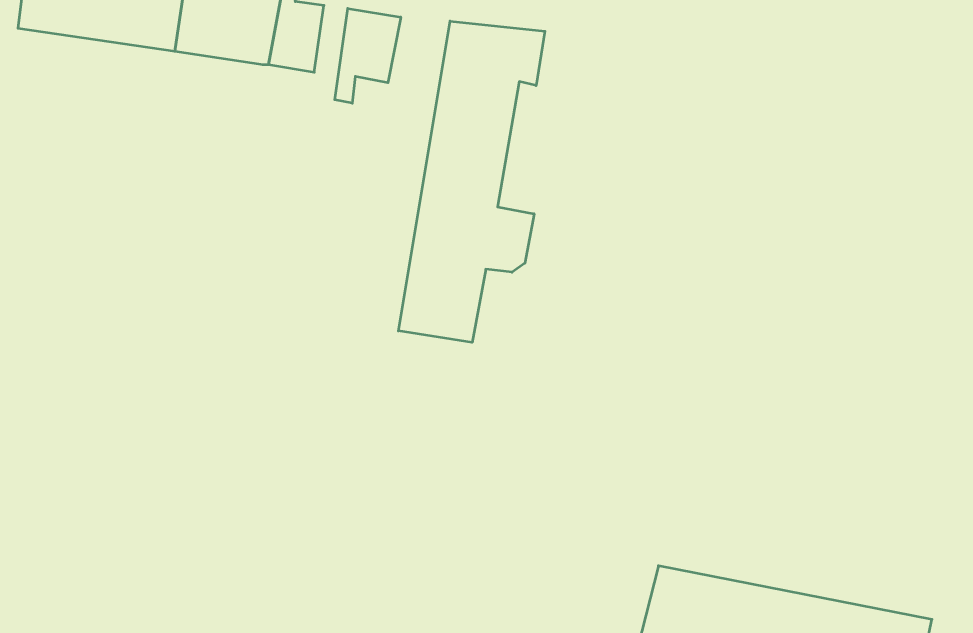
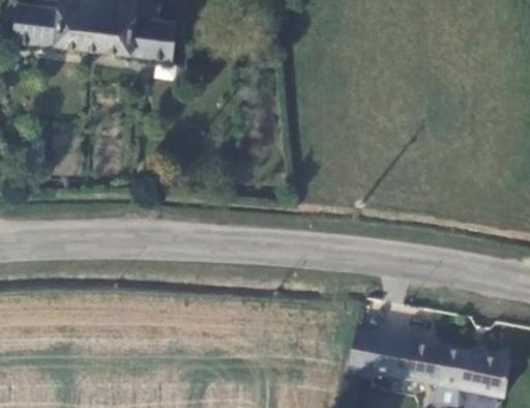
building: [335,8,401,103] -> none
building: [398,21,545,342] -> none

